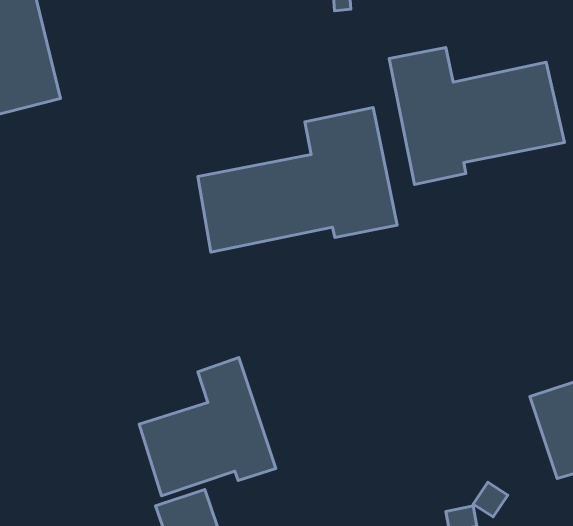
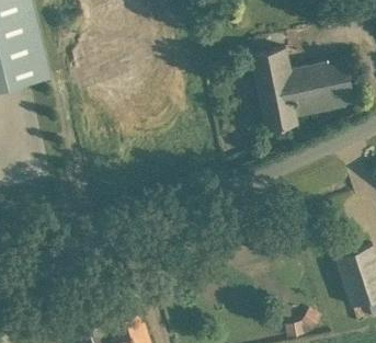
building: [198,108,397,252] -> none
building: [139,358,276,496] -> none

